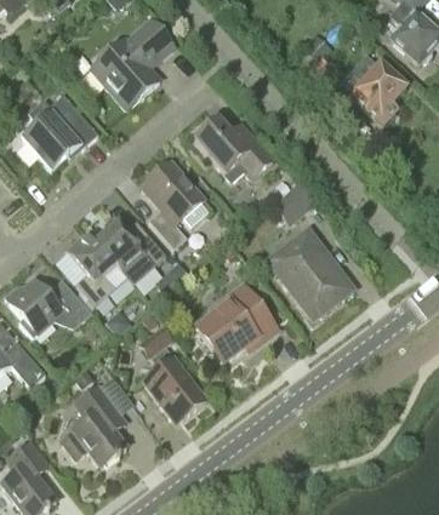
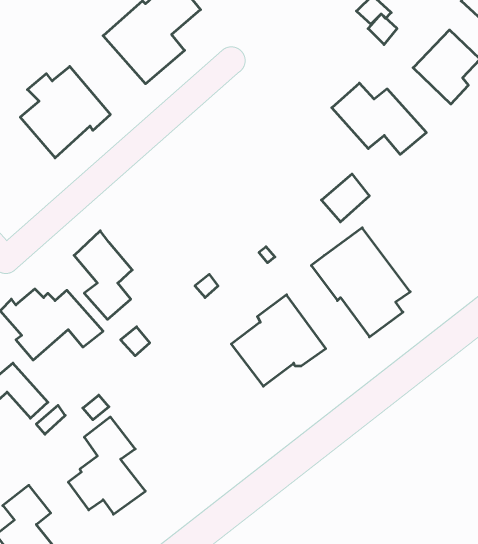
building: [194,119,273,178] -> [332,83,426,154]
building: [141,160,209,248] -> none
building: [96,221,166,284] -> none
building: [138,326,206,422] -> none

